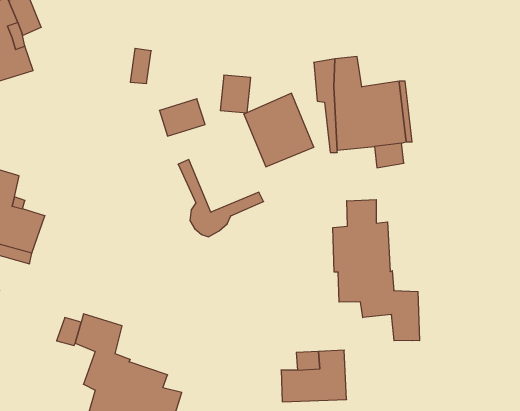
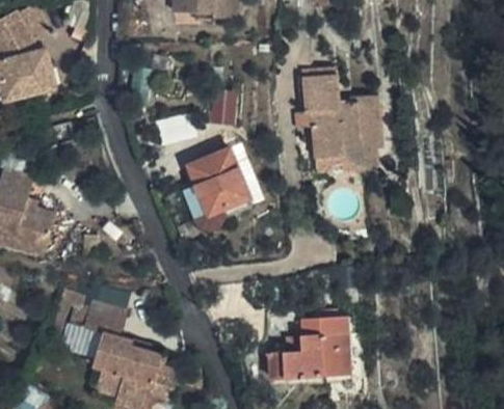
building: [244,93,314,167] -> [185,144,247,210]
building: [333,200,419,341] -> none
building: none -> [323,331,359,376]

